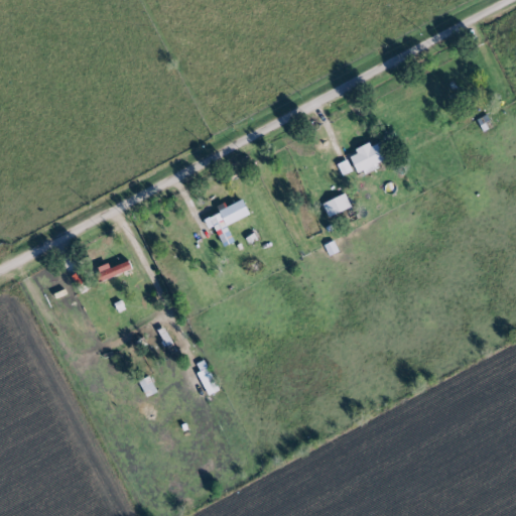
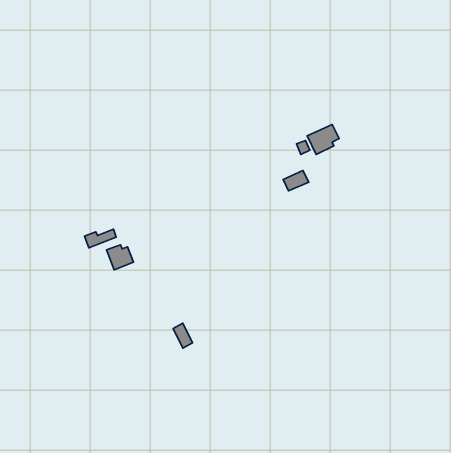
building: [204,200,251,238] -> none
building: none -> [107,245,133,270]

